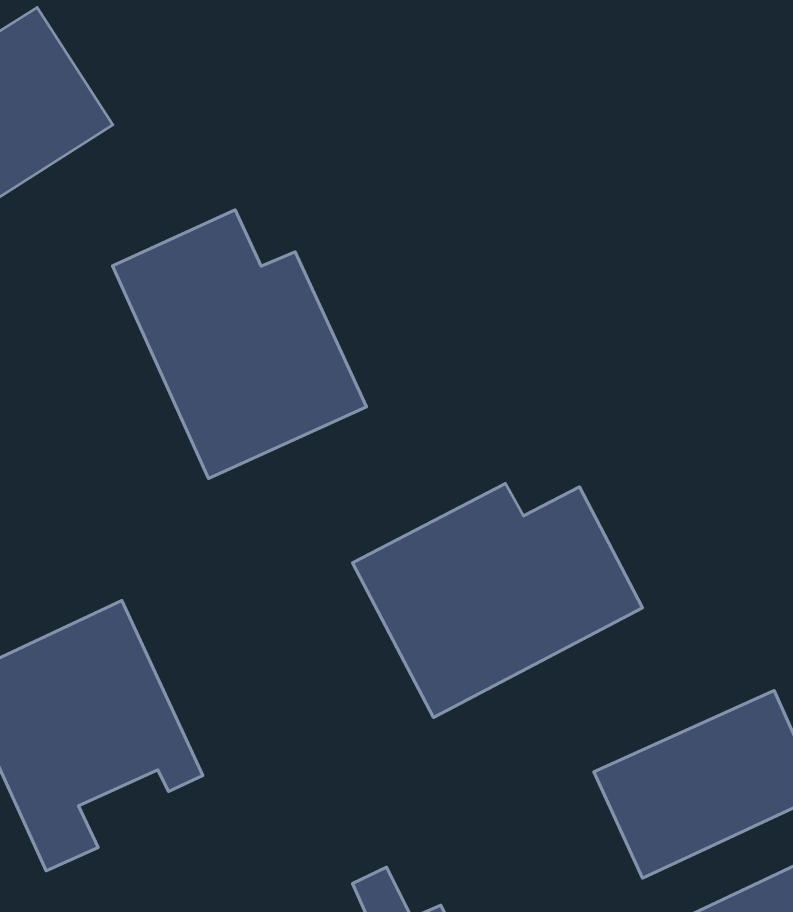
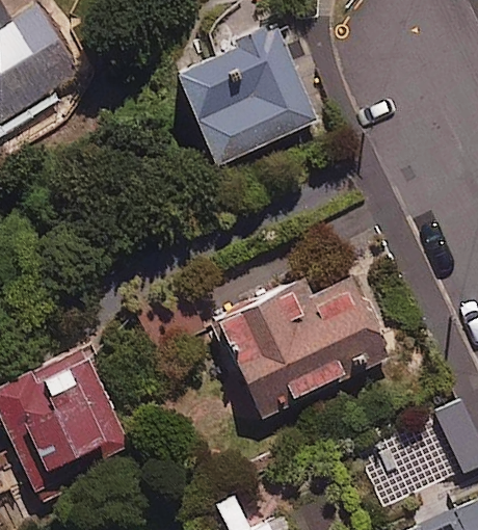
building: none -> [175,28,317,165]
building: [112,210,366,478] -> none

